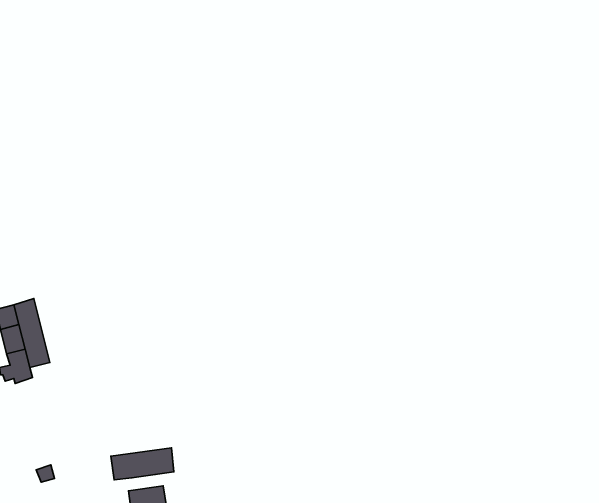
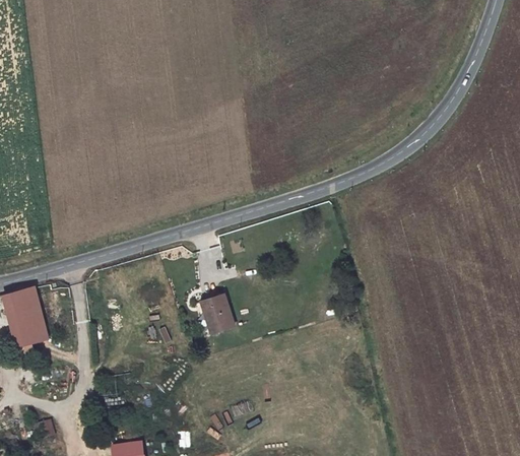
building: none -> [204,294,233,332]
building: [111,448,174,480] -> none

